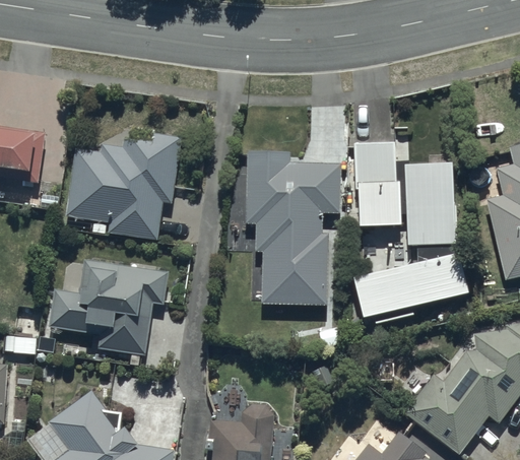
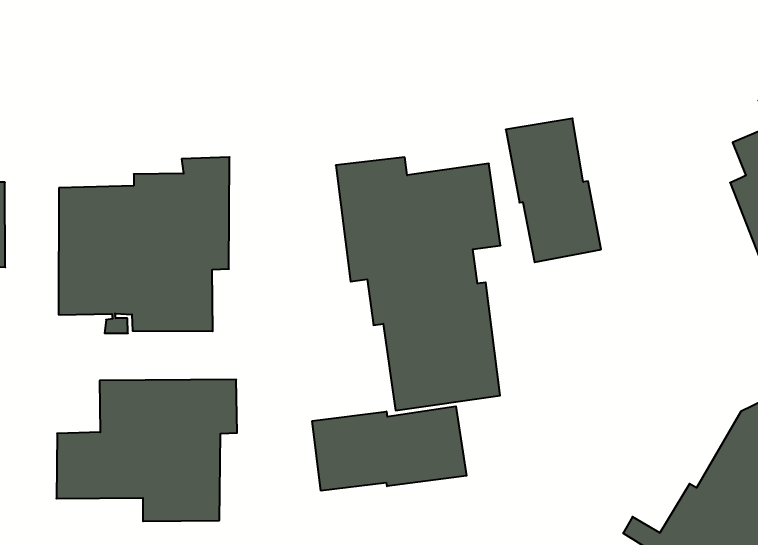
building: [404,161,456,245] -> none
building: [352,252,468,324] -> none
building: none -> [312,406,467,491]

